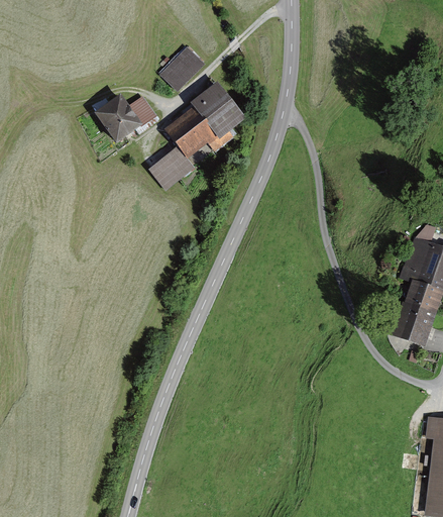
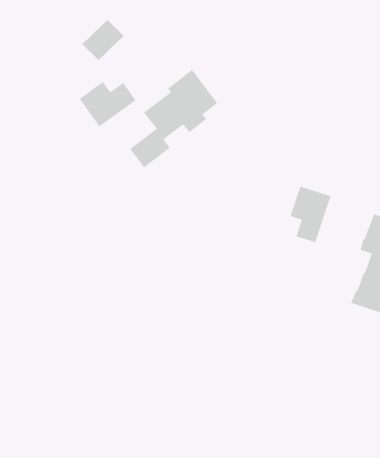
building: [159,46,206,92] -> [82,19,124,61]
building: none -> [289,186,332,243]

